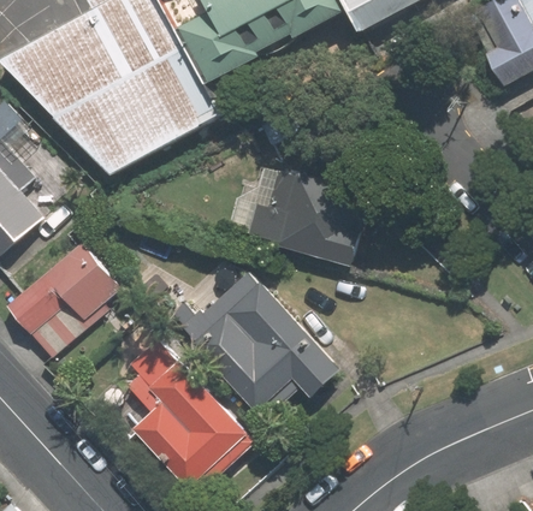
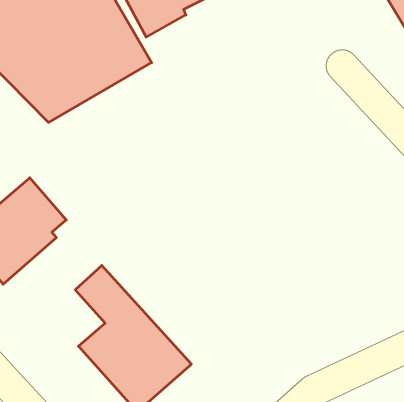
building: [230,162,377,261] -> none
building: [162,267,334,411] -> none

